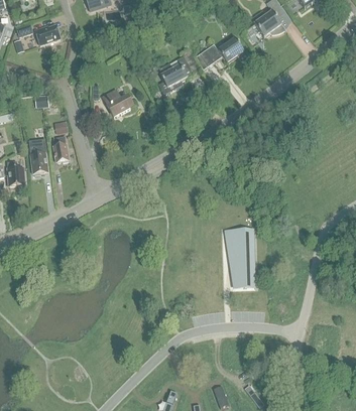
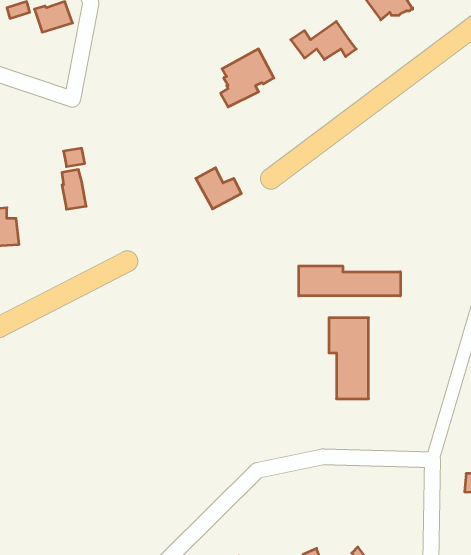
building: [102,89,132,116] -> [196,168,241,209]
building: [28,138,47,173] -> none
building: none -> [299,266,400,296]

